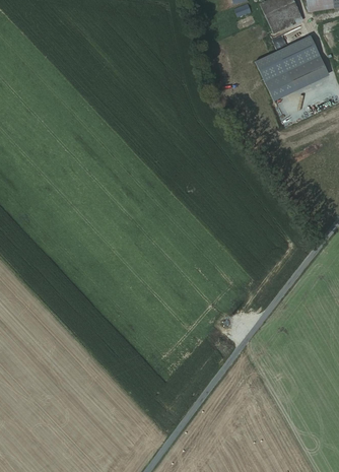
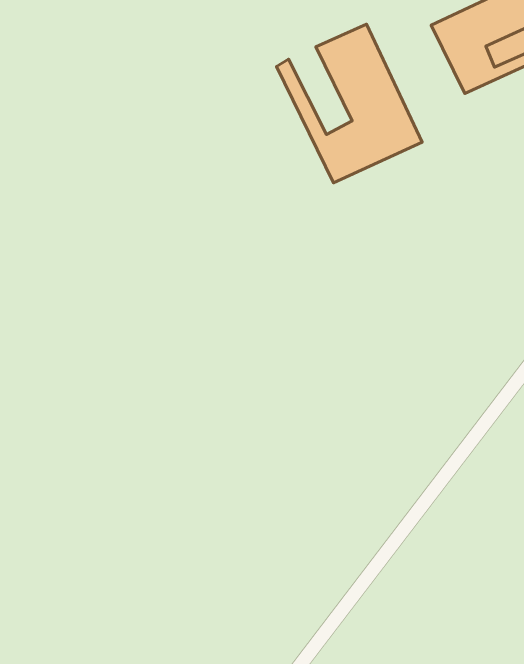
building: none -> [276,24,422,183]

